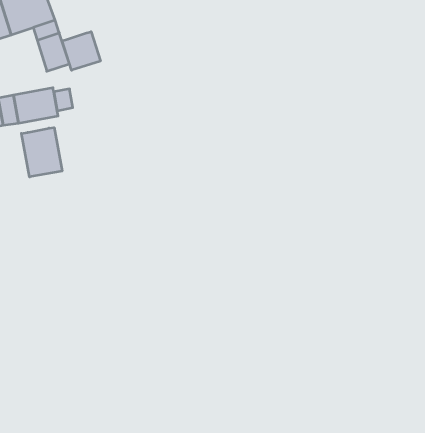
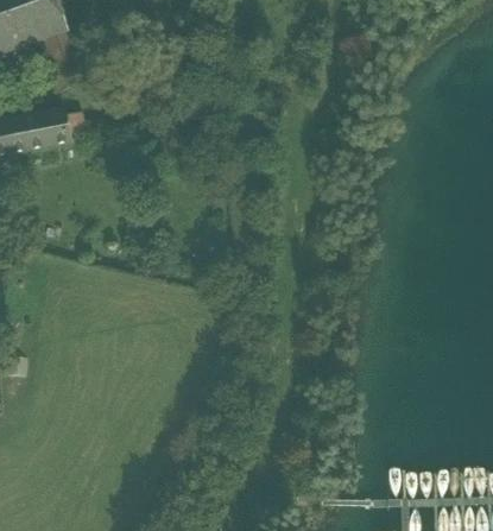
building: [62,32,100,70] -> none
building: [21,128,62,177] -> none

